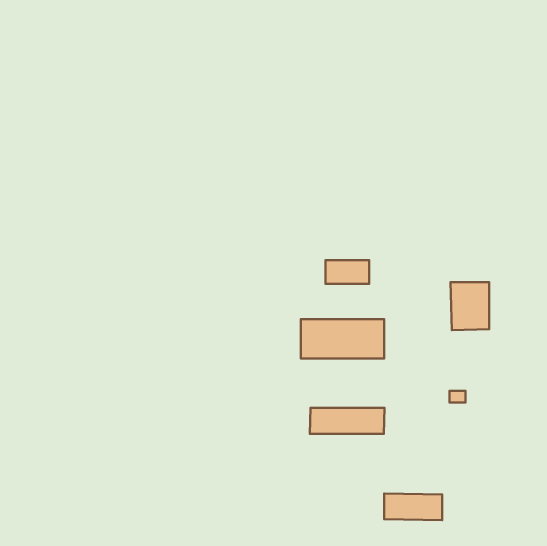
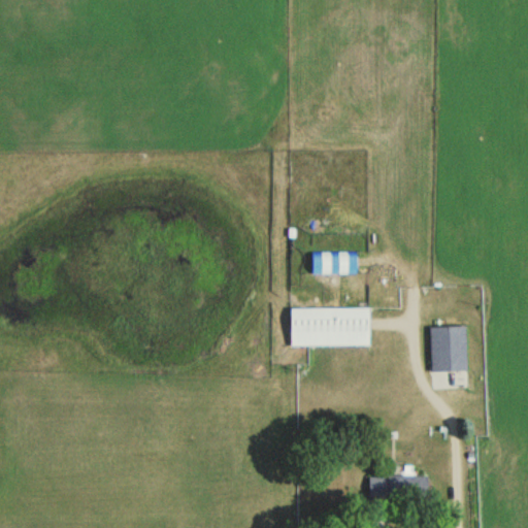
building: [451,282,489,330] -> [430,327,467,373]
building: [310,408,385,434] -> none

